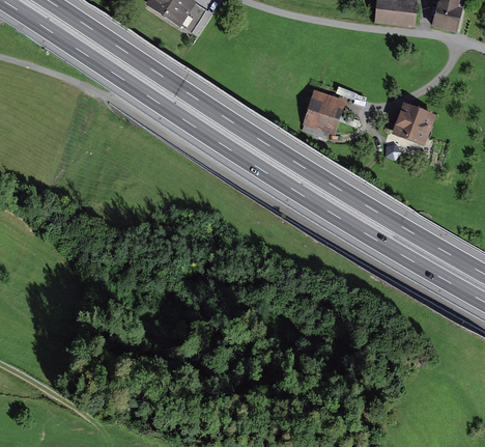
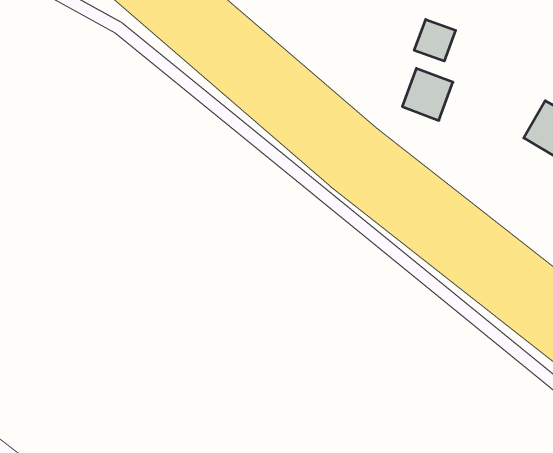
building: none -> [414,19,456,61]

